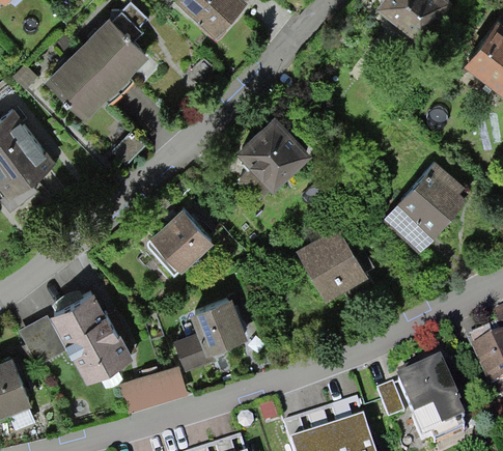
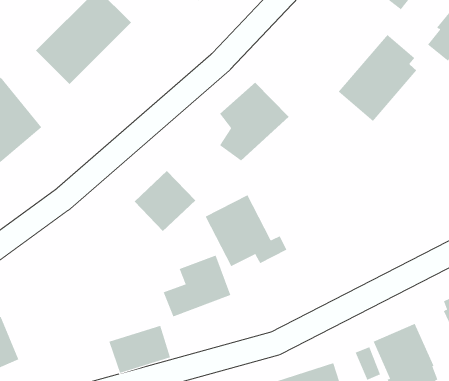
building: [384,168,466,258] -> [338,34,417,122]
building: [299,230,384,305] -> [205,194,287,267]
building: [52,288,134,380] -> none
building: [20,317,66,369] -> none

